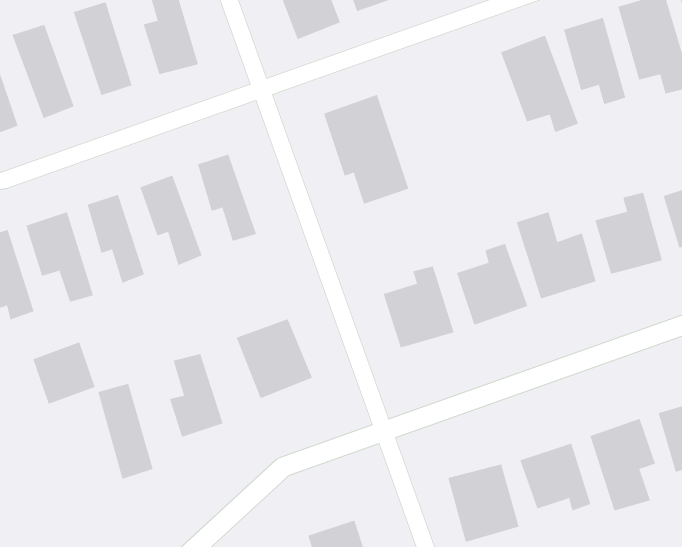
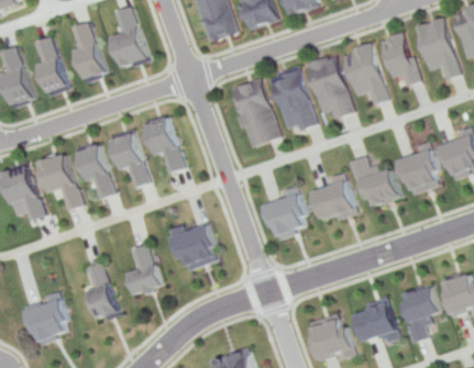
building: none -> [300,57,355,122]
building: none -> [266,69,317,136]
building: [32,342,95,405] -> [31,300,70,339]

